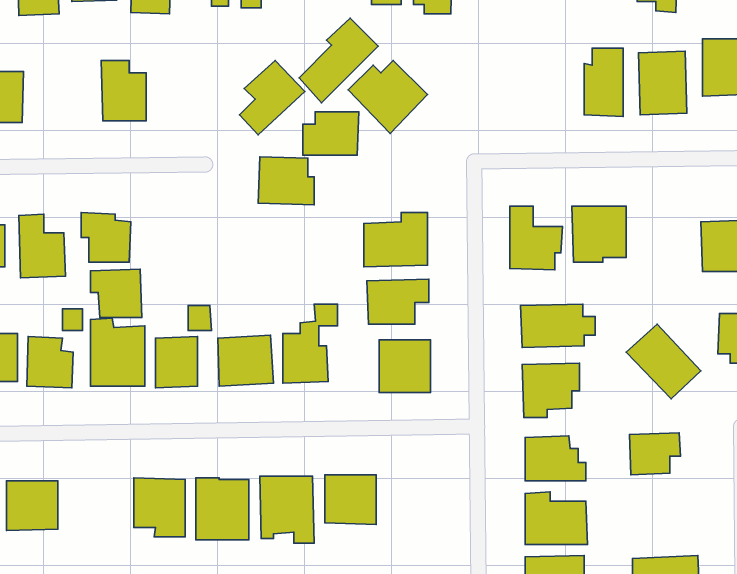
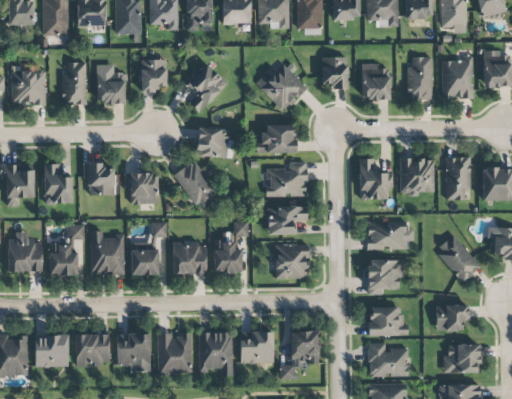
building: [299,18,378,103] -> none
building: none -> [321,56,347,88]
building: none -> [141,59,167,92]
building: none -> [61,62,87,105]
building: none -> [361,63,390,99]
building: [303,112,359,155] -> [259,124,295,152]
building: none -> [445,157,471,200]
building: none -> [175,160,218,209]
building: [91,269,142,317] -> [125,173,158,204]
building: none -> [280,330,319,379]
building: none -> [75,334,110,365]
building: none -> [443,344,479,372]

